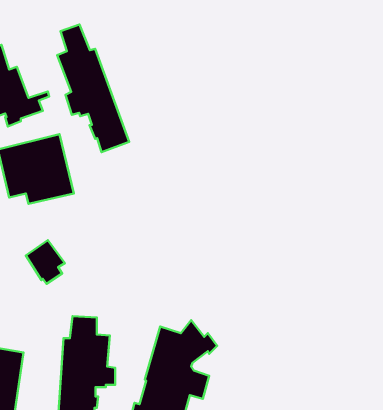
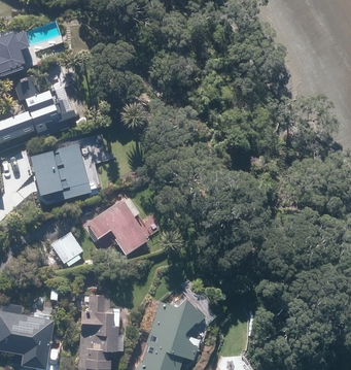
building: [57,24,129,152] -> none
building: none -> [84,196,148,254]

